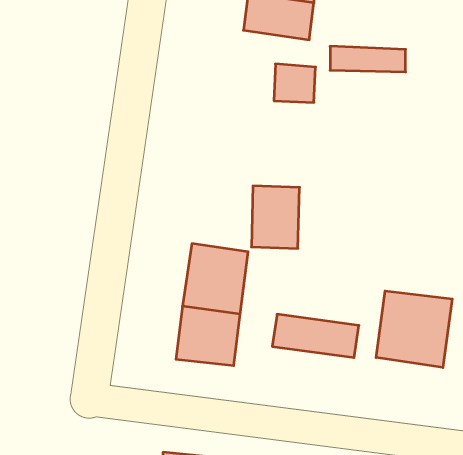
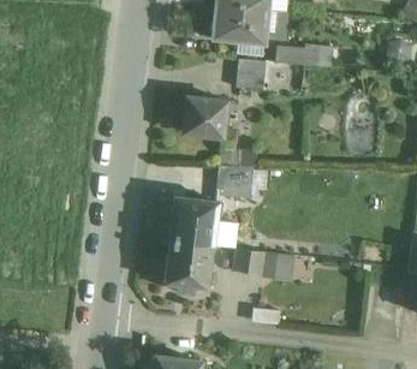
building: none -> [178,94,227,141]
building: [376,291,452,368] -> none

